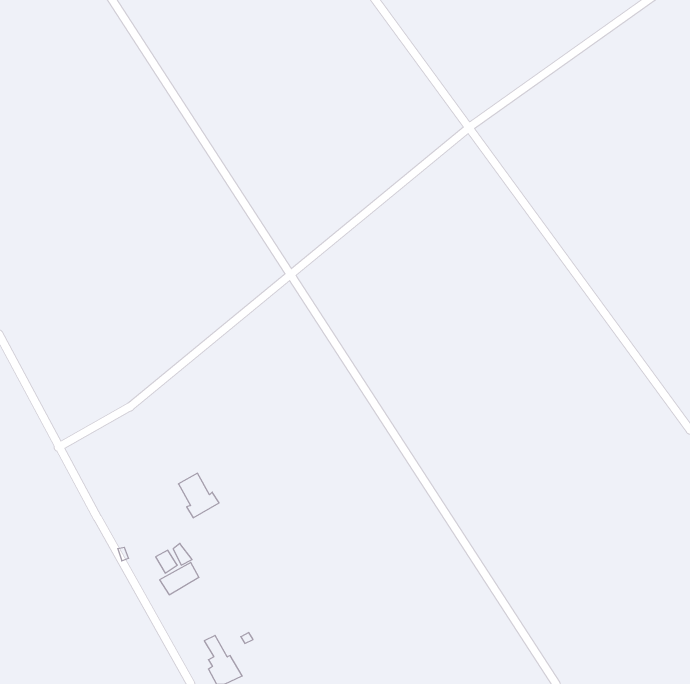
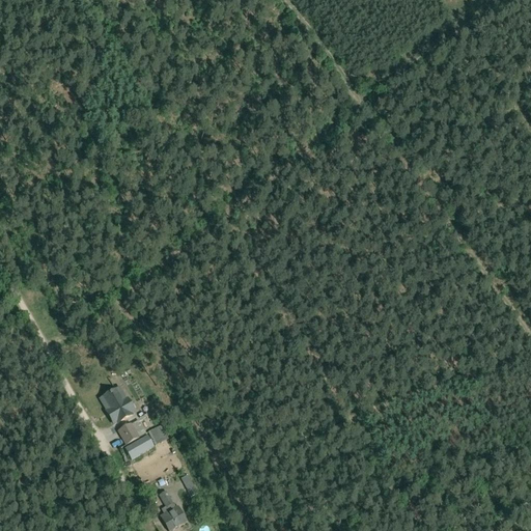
building: [178,473,219,518] -> [106,392,137,426]

